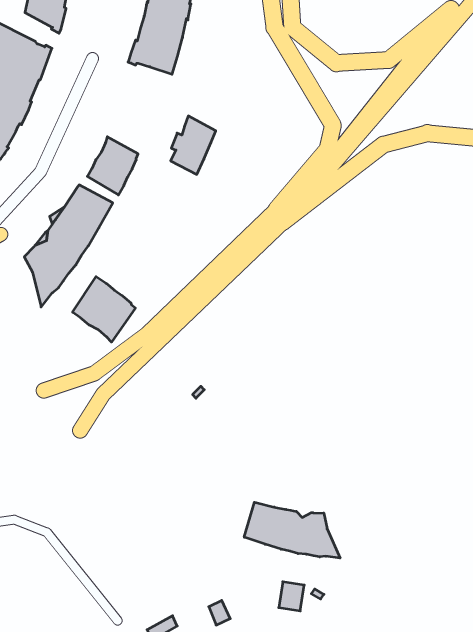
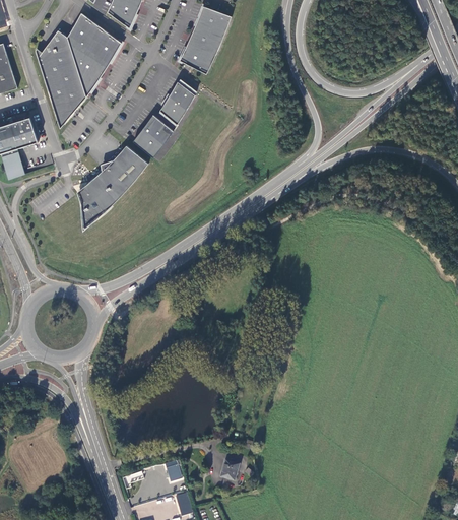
building: [171,116,216,174] -> [159,82,196,126]
building: [73,277,135,342] -> none
building: [244,502,340,558] -> none

